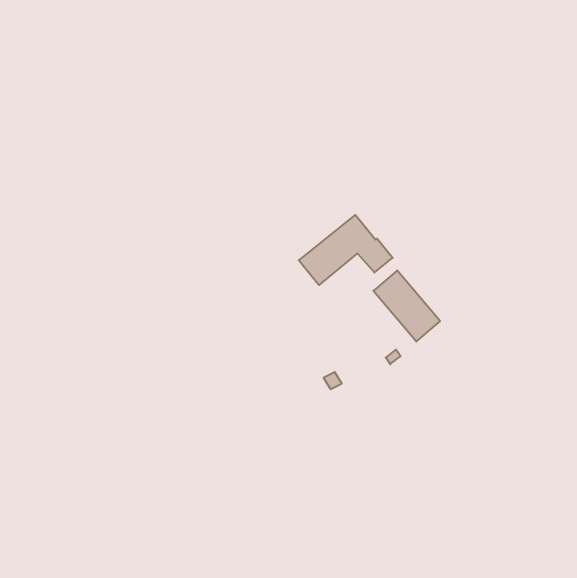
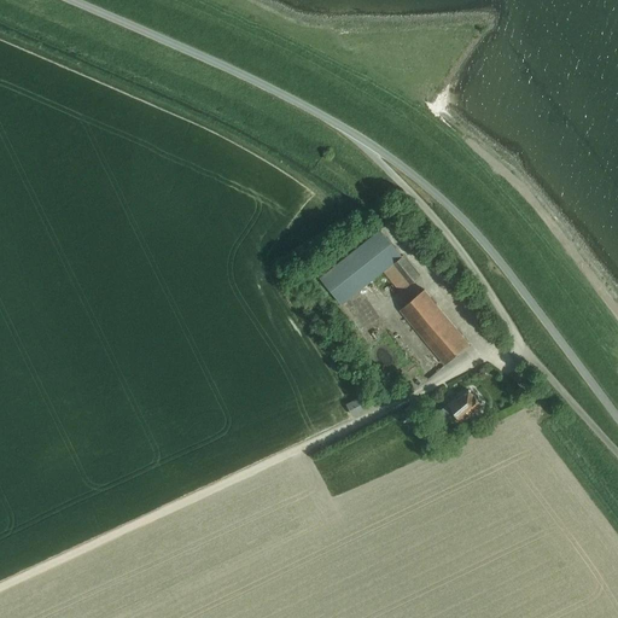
building: none -> [437,390,482,421]

